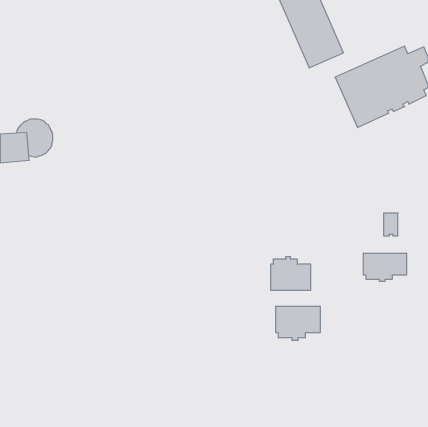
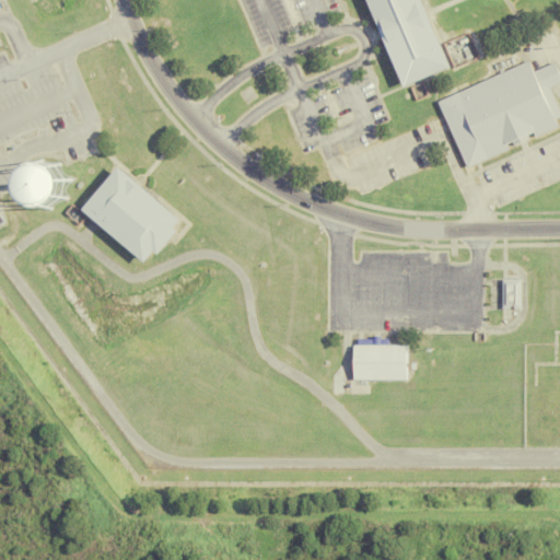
building: none -> [81,170,178,266]
building: [363,253,406,282] -> none
building: [276,306,320,341] -> none

